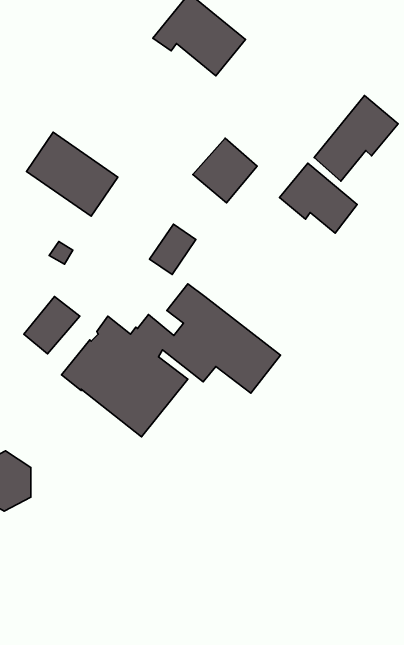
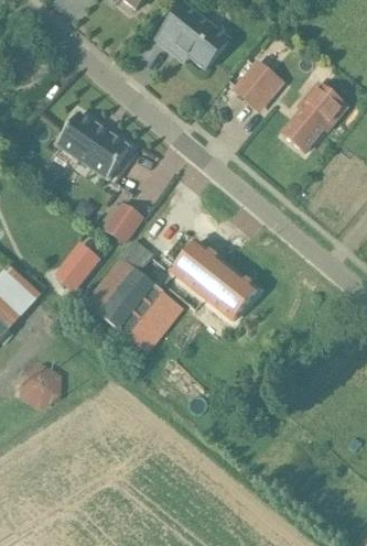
building: [193,138,257,203] -> [234,62,284,112]
building: [280,163,357,233] -> none
building: [150,224,196,275] -> [106,203,142,242]

